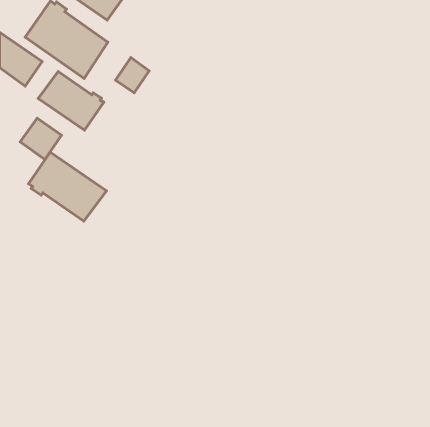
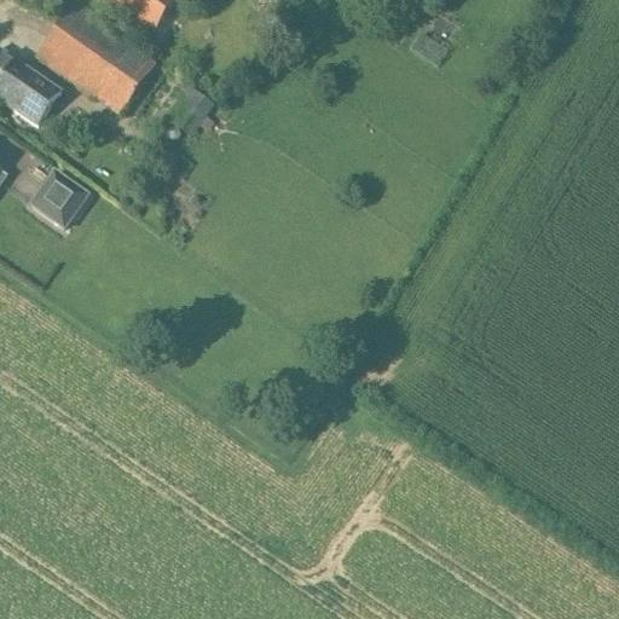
building: [38,72,104,130] -> none
building: [28,152,106,221] -> none

